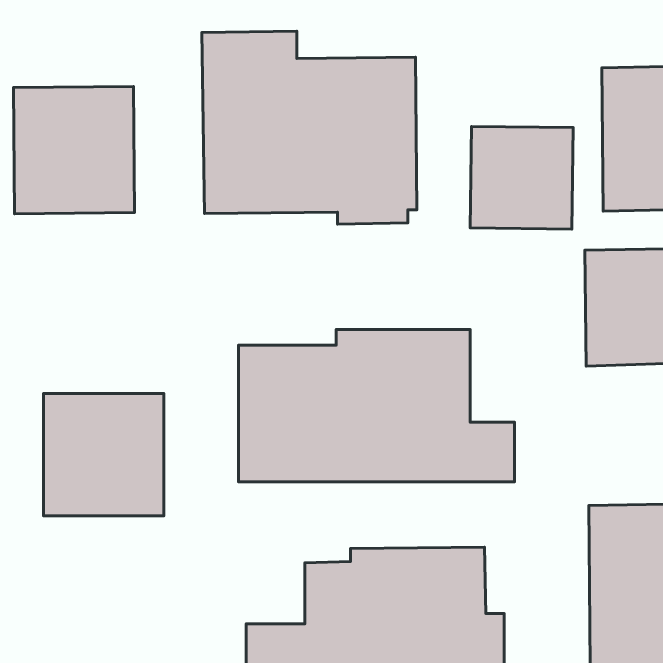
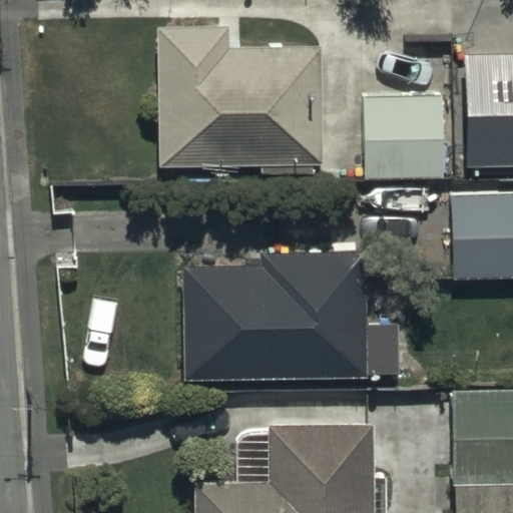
building: [14,86,135,214] -> none
building: [43,393,164,516] -> none

